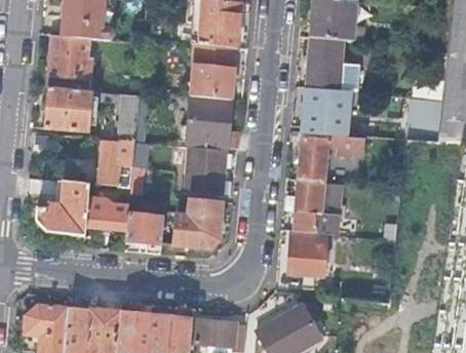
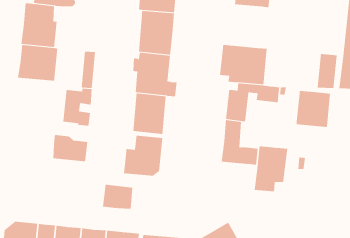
building: [305,36,358,91] -> none
building: none -> [296,90,331,128]
building: [36,180,89,234] -> none
building: [125,212,163,243] -> [102,184,133,209]
building: [286,230,328,286] -> [254,146,288,192]

